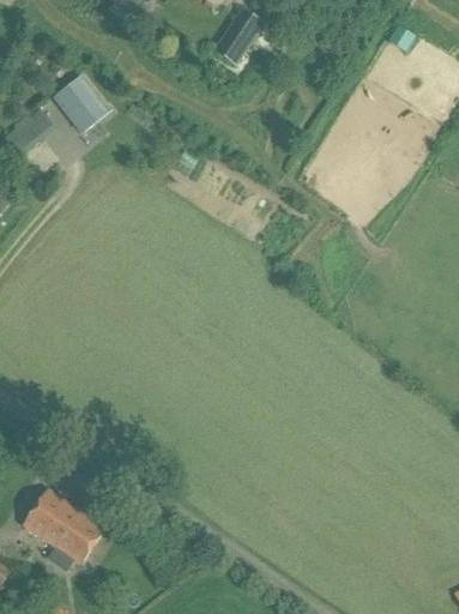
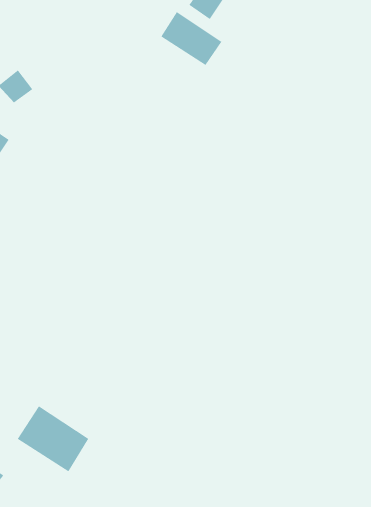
building: none -> [161,11,222,66]
building: [52,73,107,131] -> none

